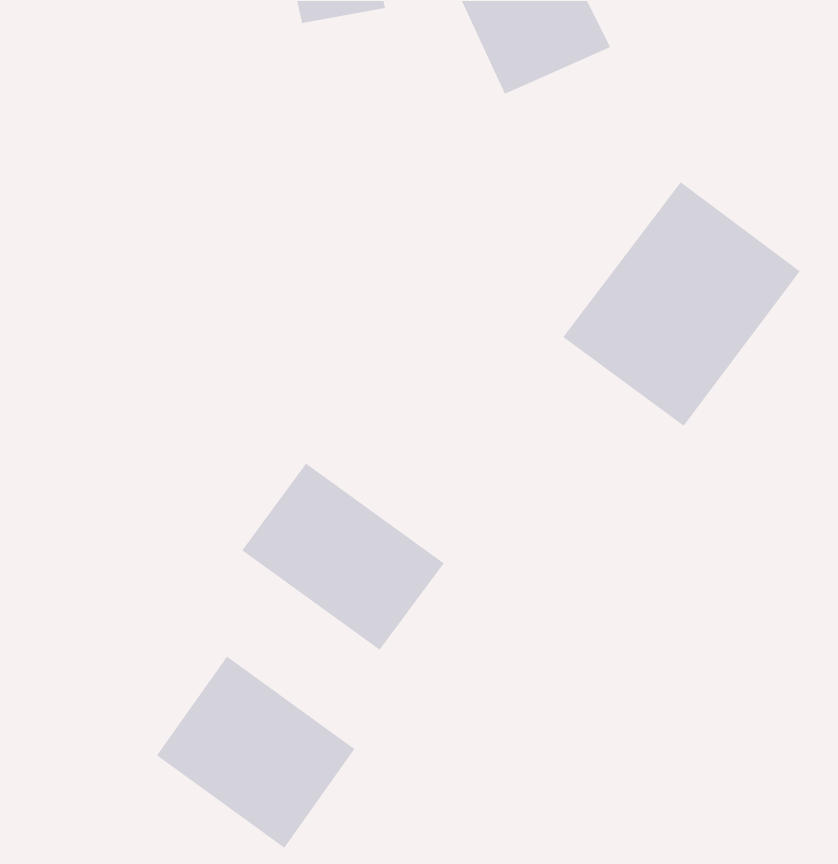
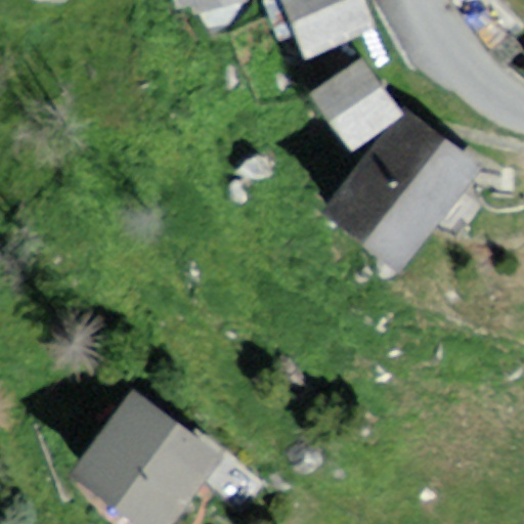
building: none -> [317,56,403,144]
building: [241,463,445,651] -> none

